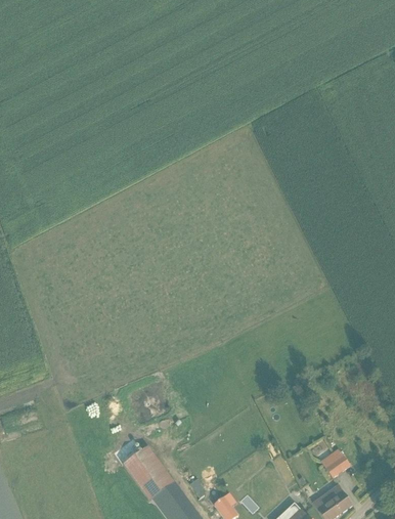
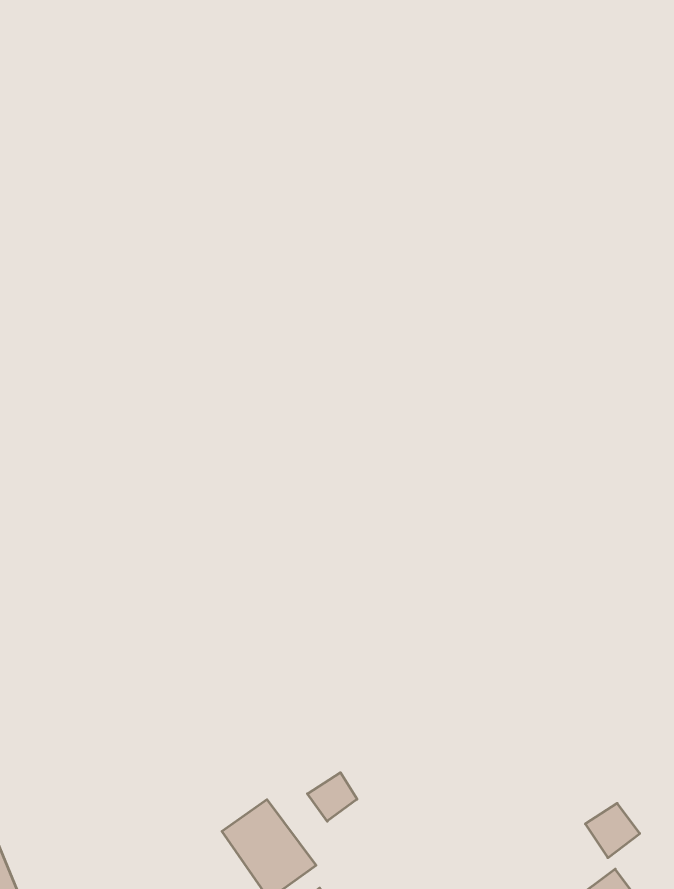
building: none -> [307,773,357,821]

